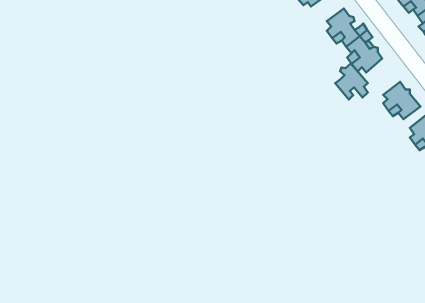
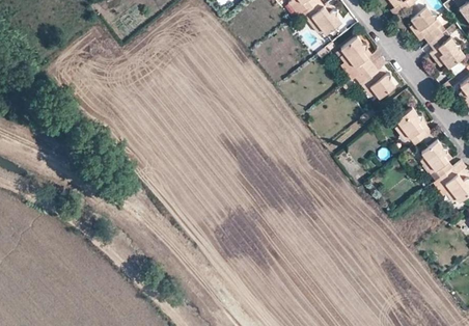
building: [335,63,368,100] -> none

